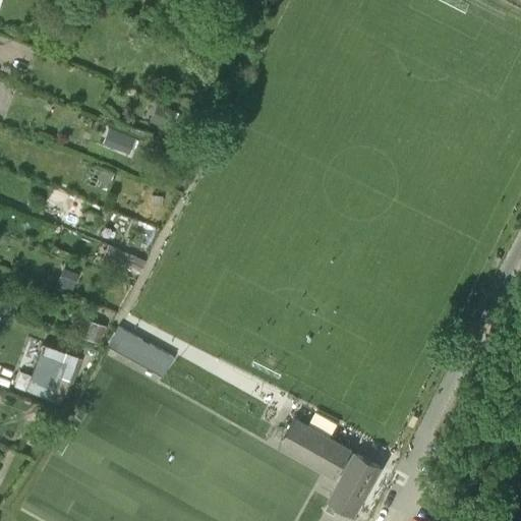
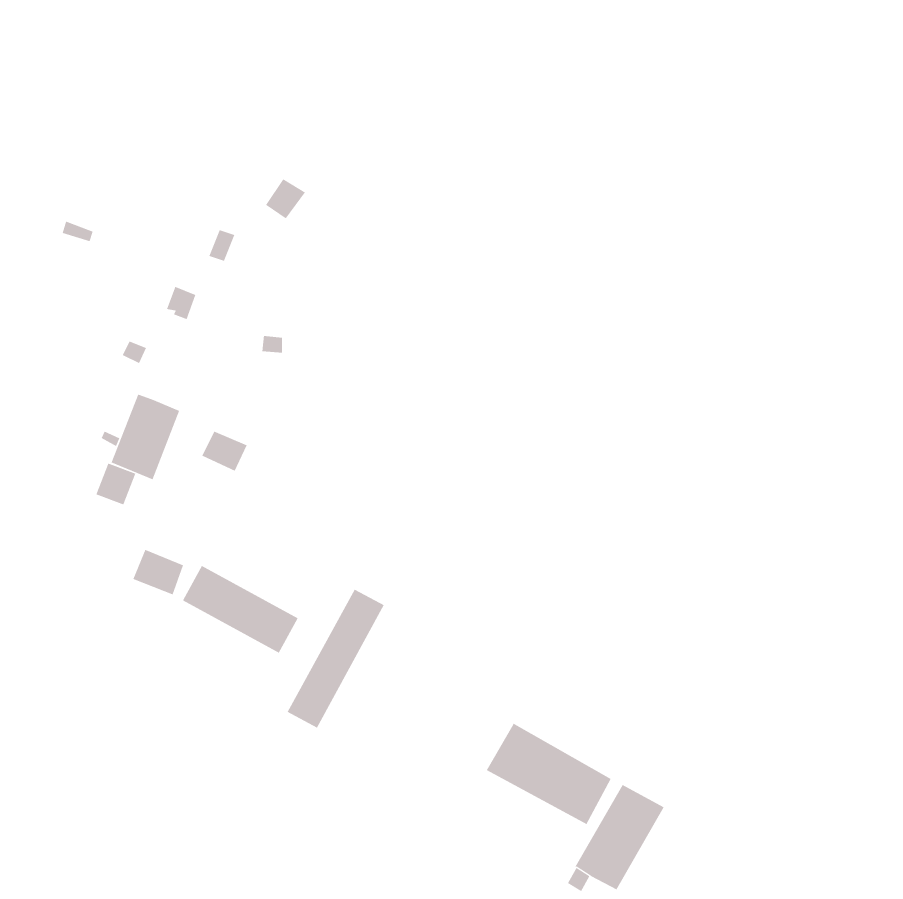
building: none -> [111,393,180,480]
building: none -> [287,589,385,729]
building: [25,347,78,405] -> none

